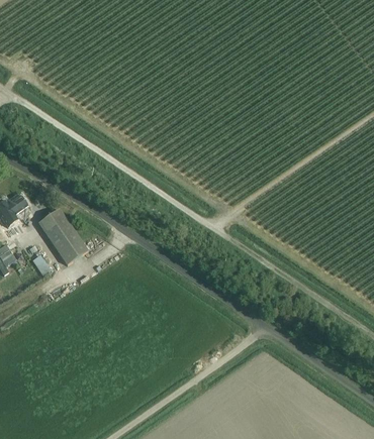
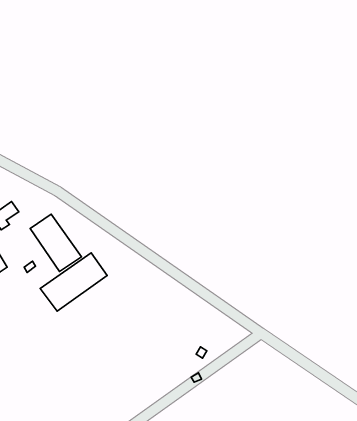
building: none -> [40,253,107,311]

